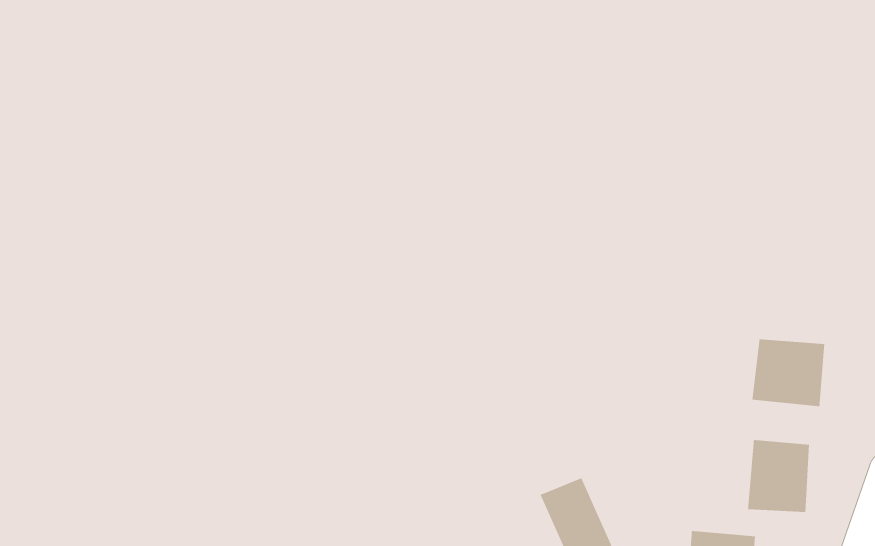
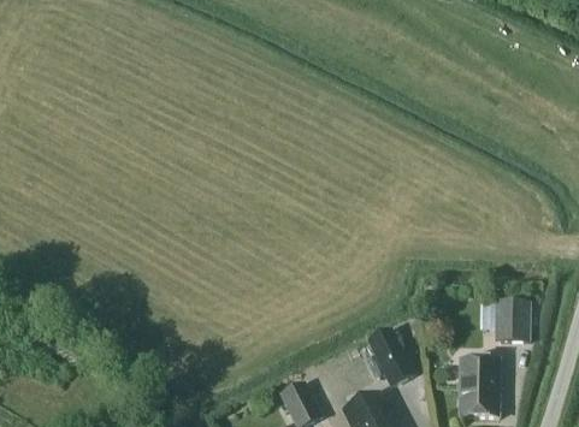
building: [752,338,825,407] -> none

